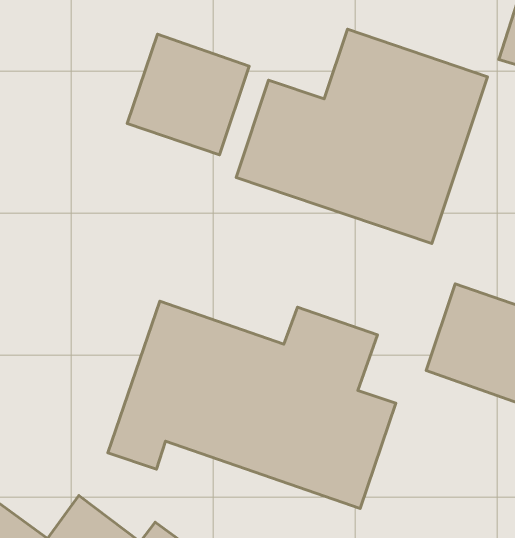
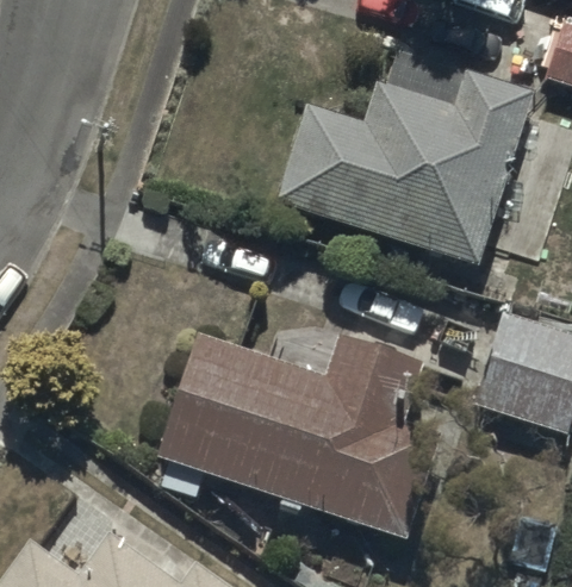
building: [127,34,249,155] -> none

